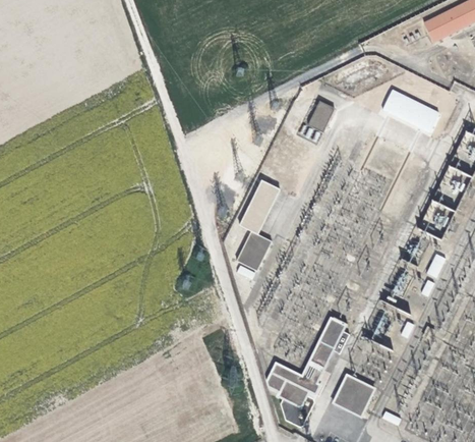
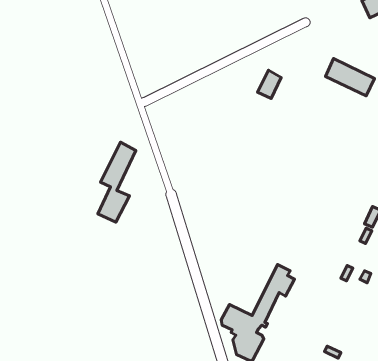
building: [236,180,279,270] -> [98,142,136,222]
building: [333,375,373,416] -> none

